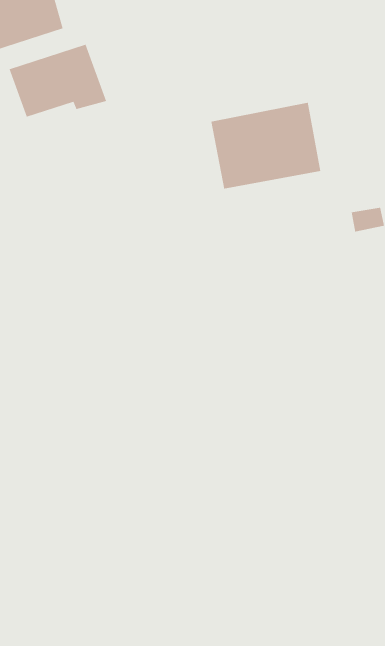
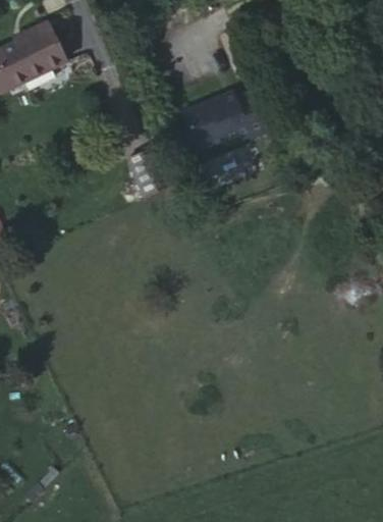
building: [9,44,107,117] -> none

